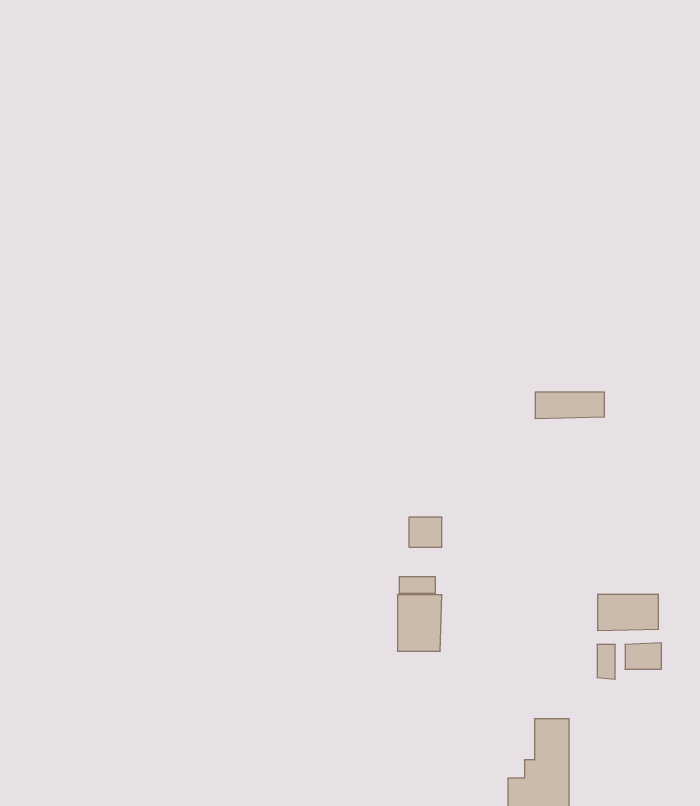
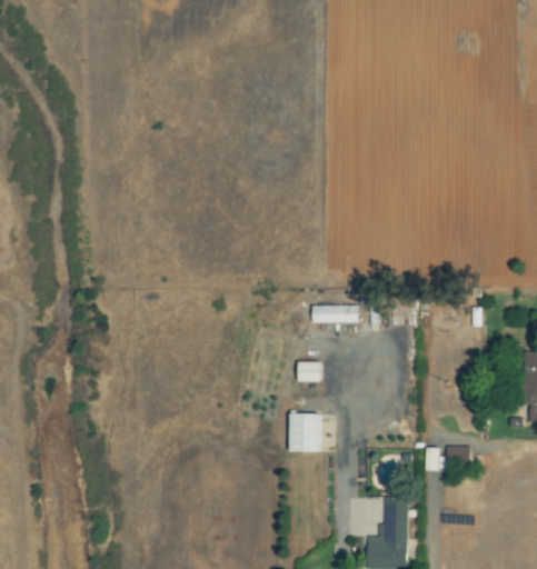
building: [535,392,604,419] -> [311,306,358,323]
building: [598,594,658,631] -> none

